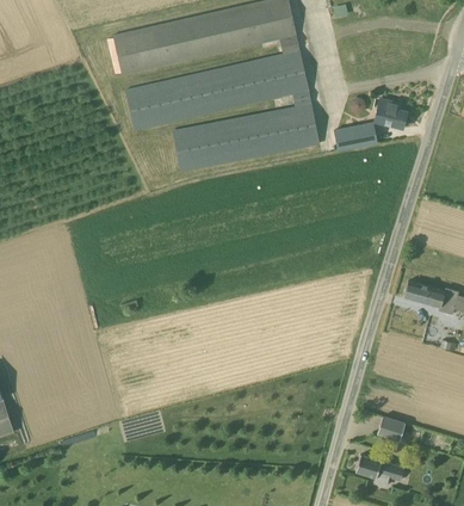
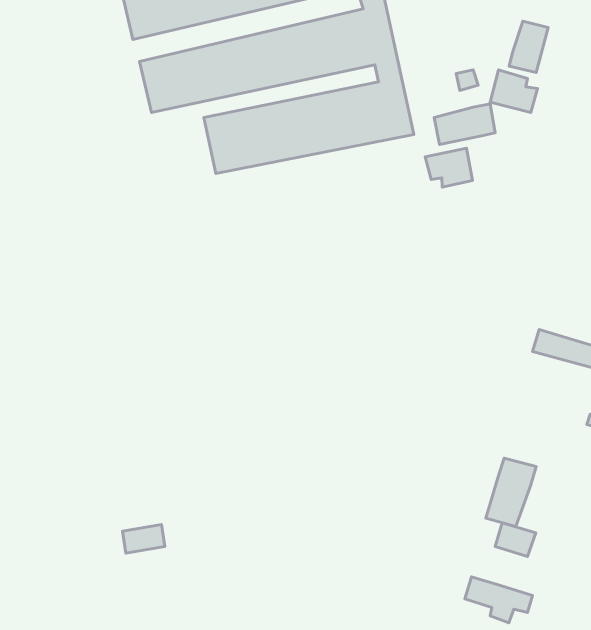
building: none -> [509,21,548,72]
building: none -> [425,148,473,187]
building: none -> [486,458,536,527]

